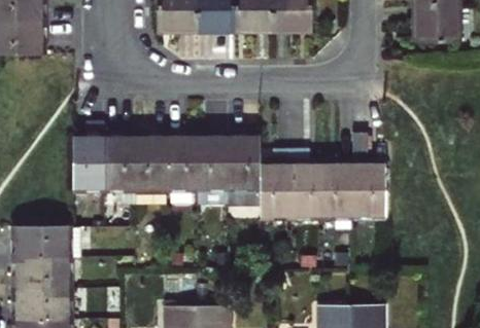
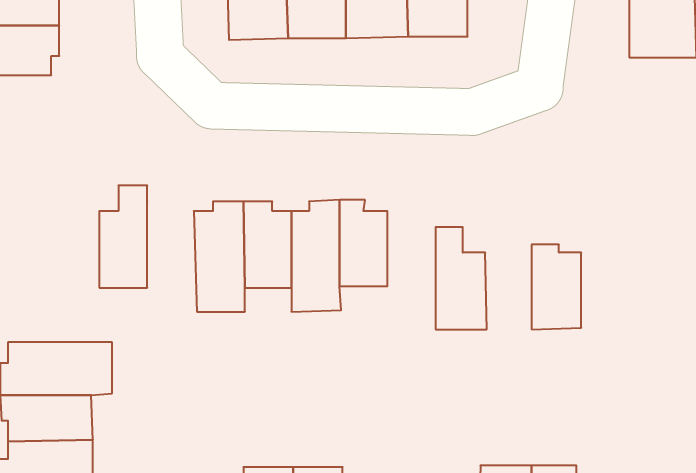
building: [105,135,137,206] -> none
building: [260,151,290,218] -> none
building: [322,162,352,217] -> none

